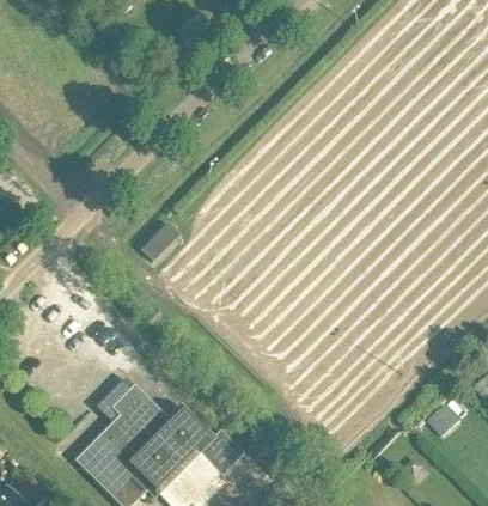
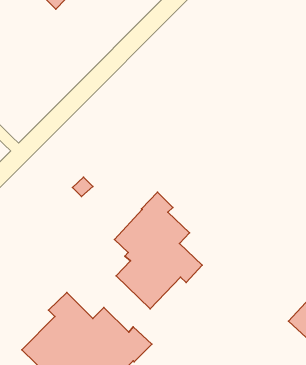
building: none -> [114,192,202,309]

